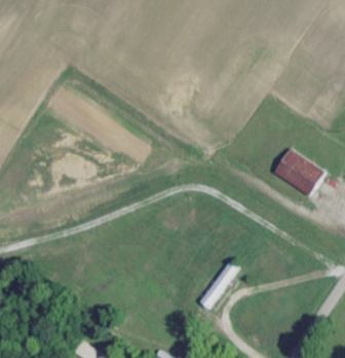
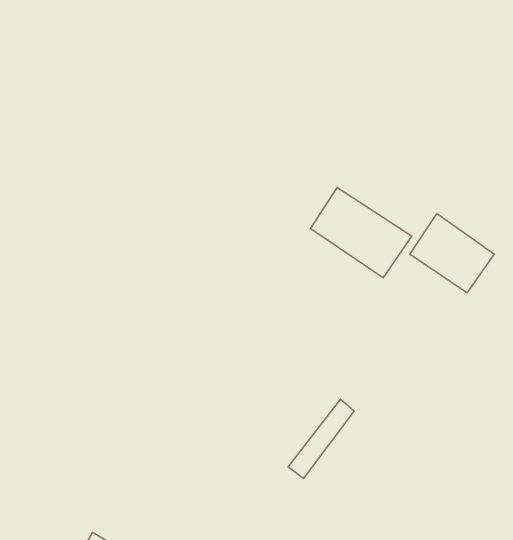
building: none -> [310,188,412,278]

